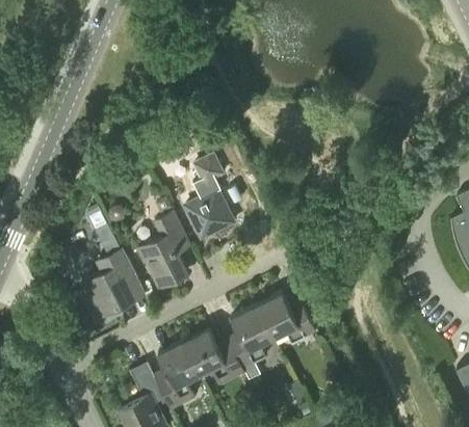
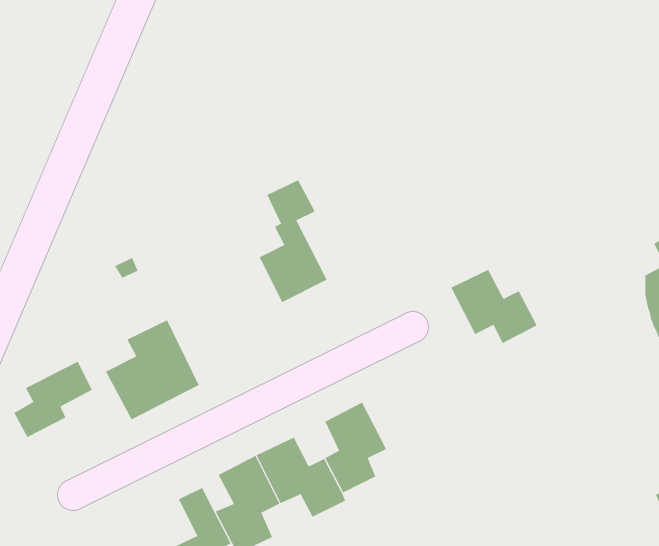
building: [139,213,190,288] -> none
building: none -> [14,361,93,438]
building: [257,293,316,344] -> [451,269,537,344]

